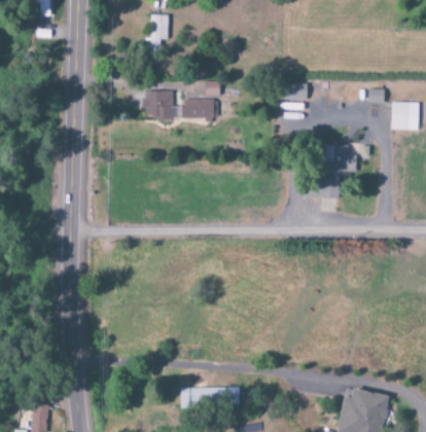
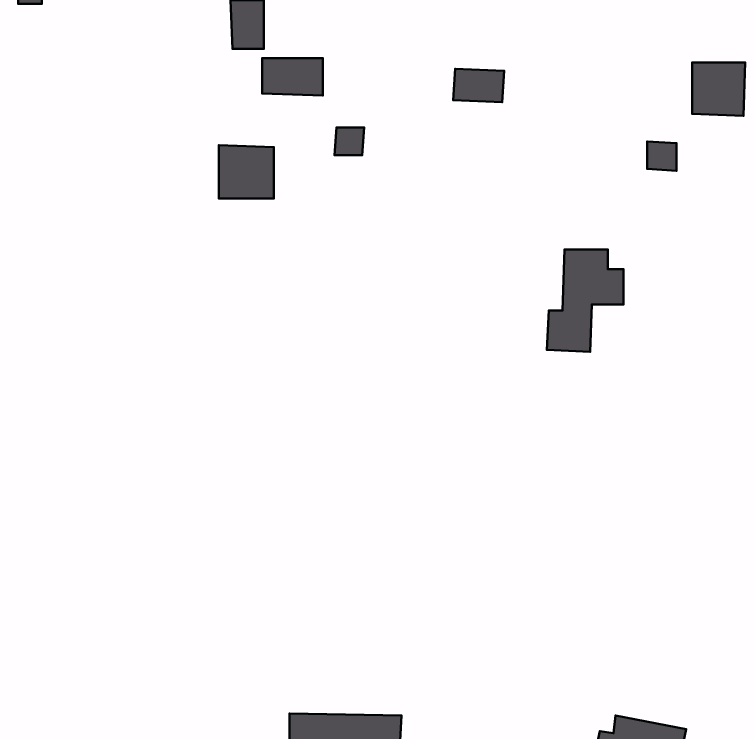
building: [281,82,308,100] -> [453,69,504,102]
building: [184,99,216,118] -> [262,58,323,95]
building: [391,102,419,130] -> [692,63,745,116]

